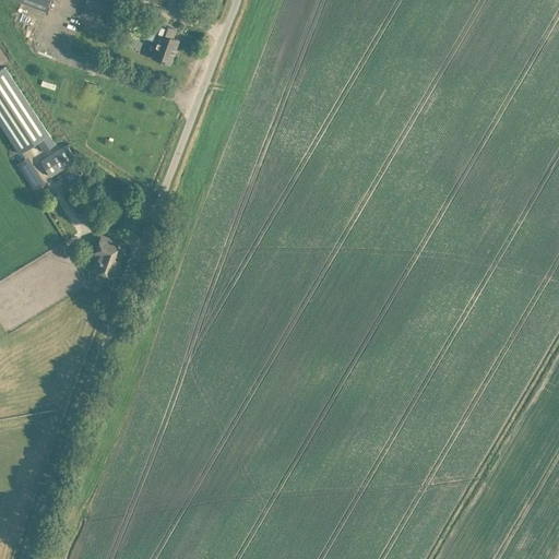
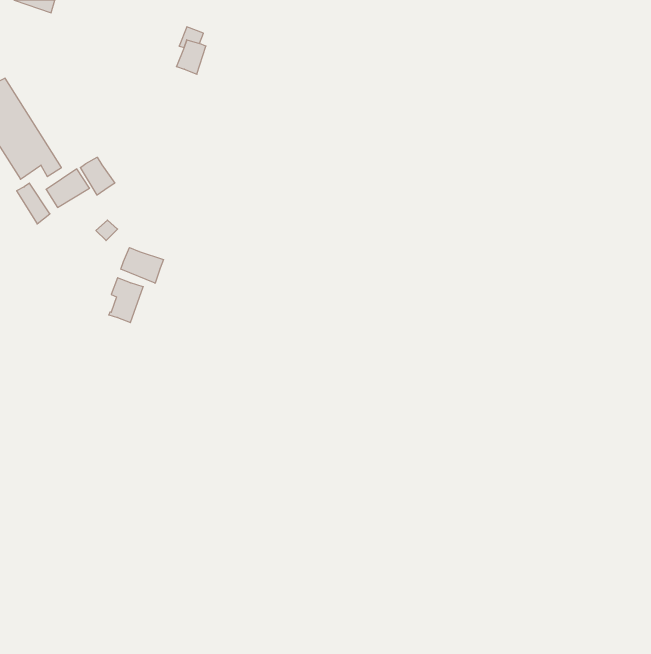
building: none -> [80,157,115,195]
building: none -> [121,248,164,283]

